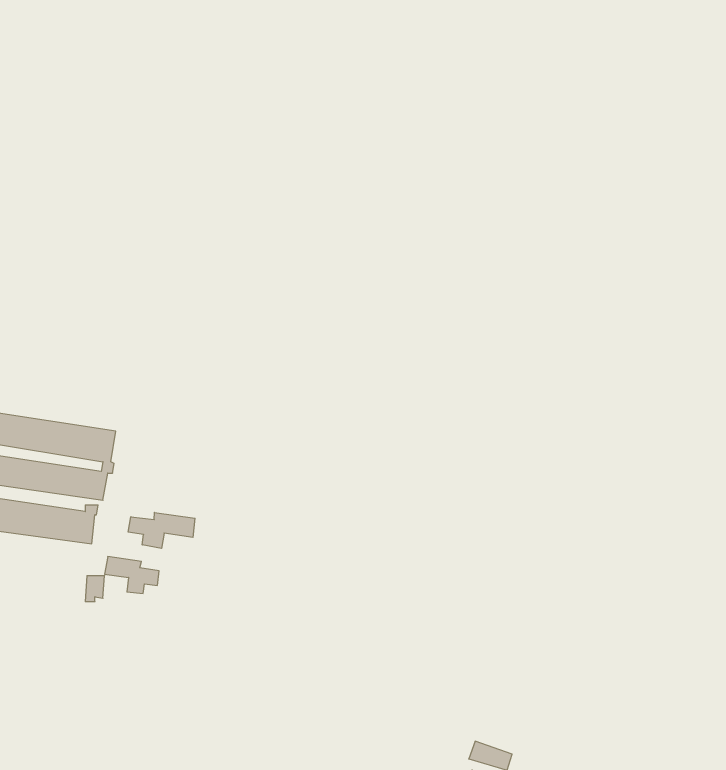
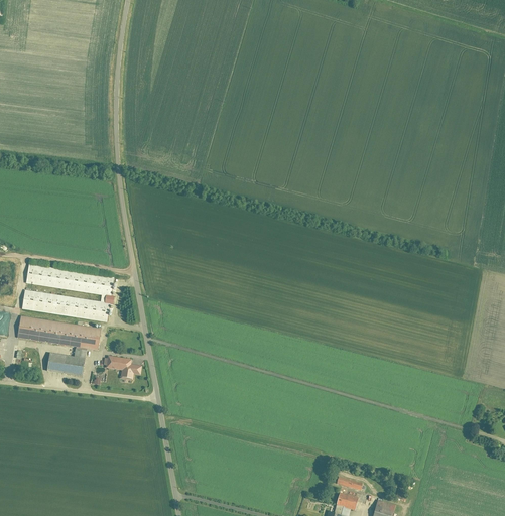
building: [128,512,195,548] -> none
building: none -> [47,349,85,373]

